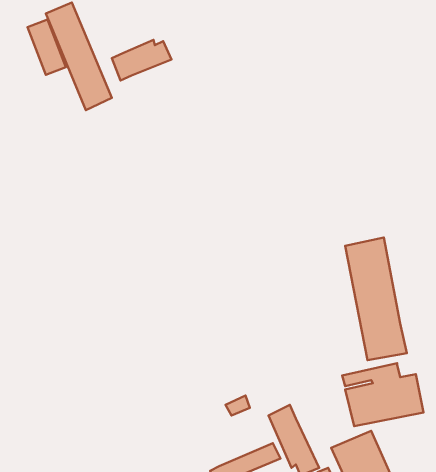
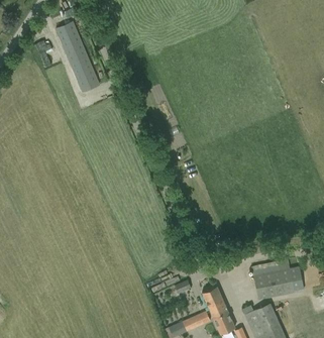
building: [112,40,171,80] -> none
building: [345,237,407,360] -> none

